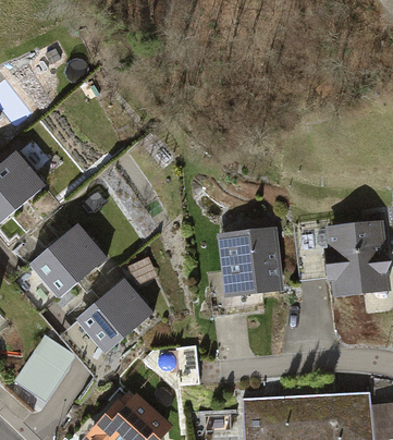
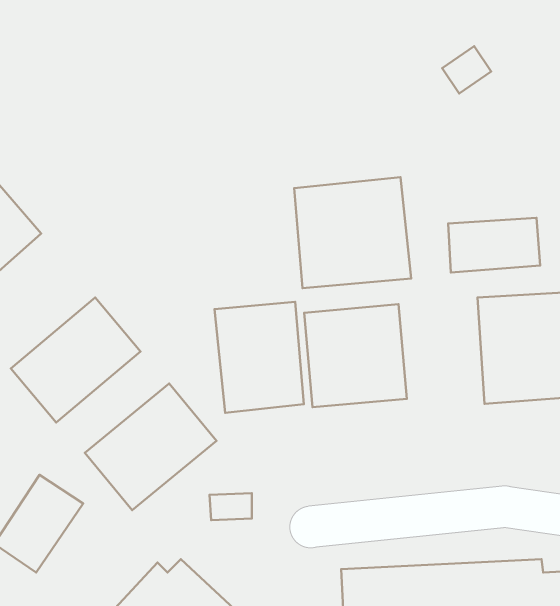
building: none -> [294,177,411,288]
building: none -> [448,218,540,272]
building: none -> [215,302,304,413]

